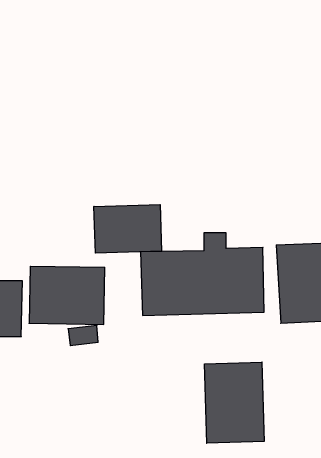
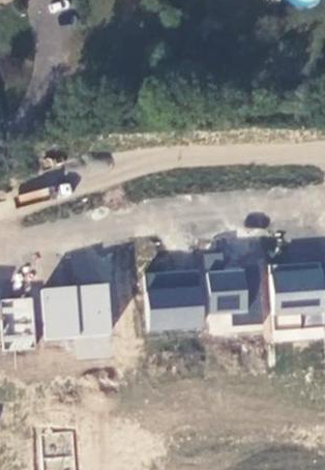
building: [94,205,162,253] -> none
building: [205,362,264,443] -> none

